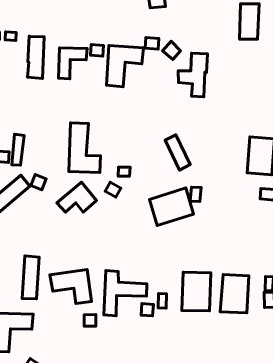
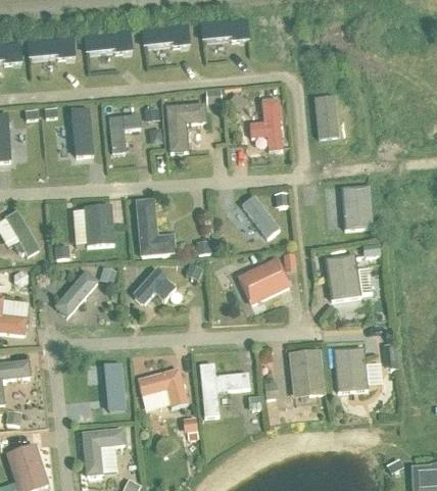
building: [240,4,259,39] -> [313,95,339,139]
building: none -> [84,205,113,245]
building: none -> [326,253,360,299]

